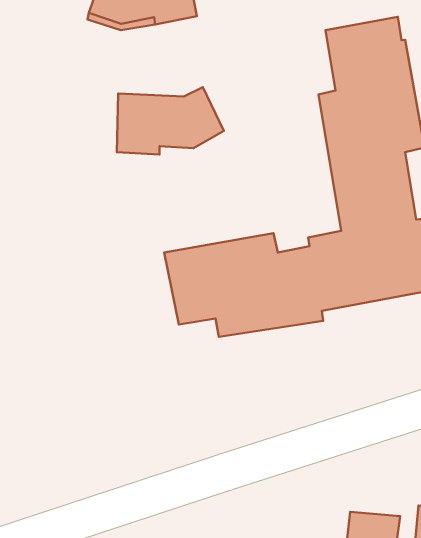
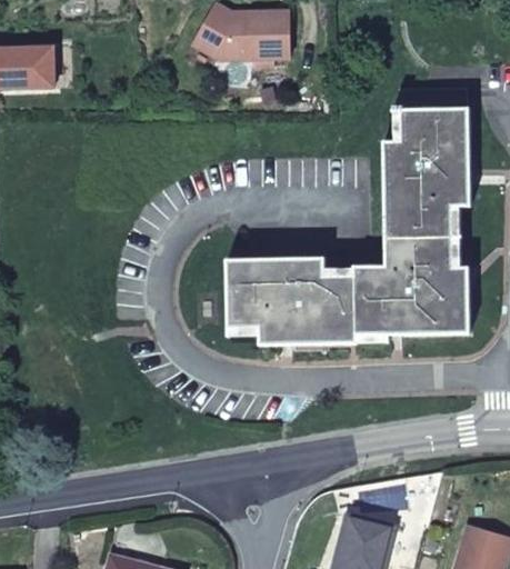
building: [117,87,224,154] -> none

